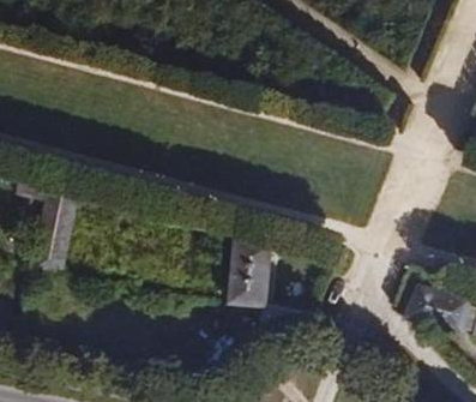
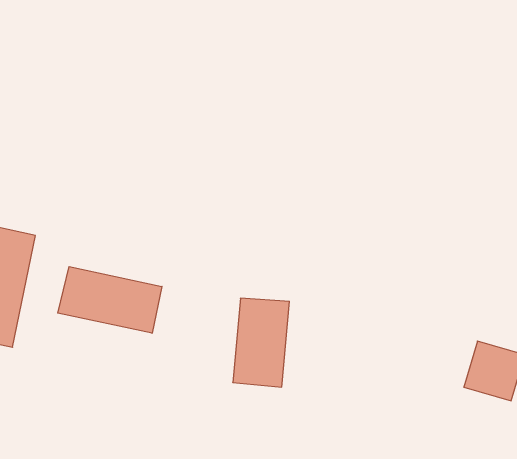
building: none -> [58,267,162,333]

